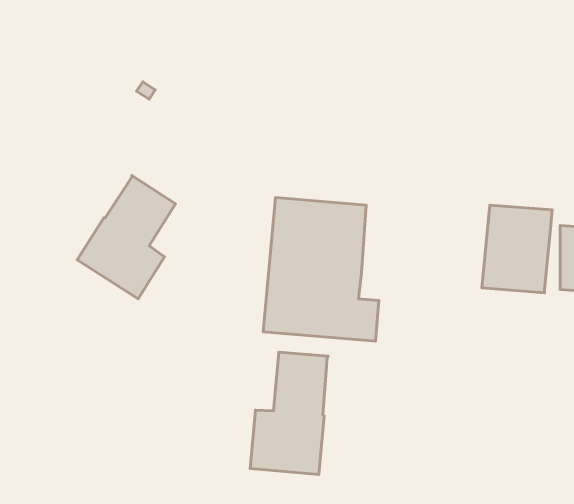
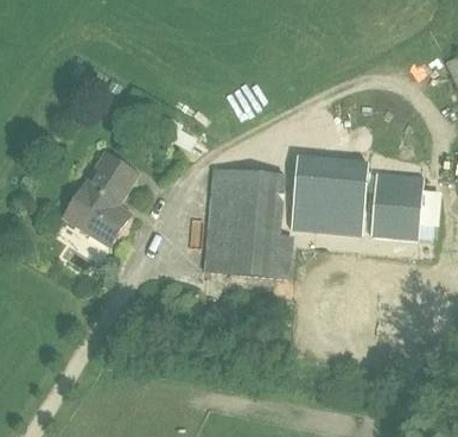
building: none -> [291,158,368,235]
building: [250,352,328,474] -> none

